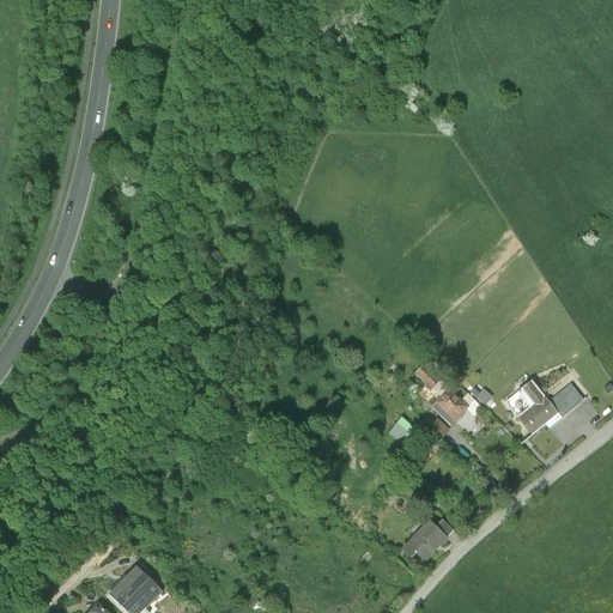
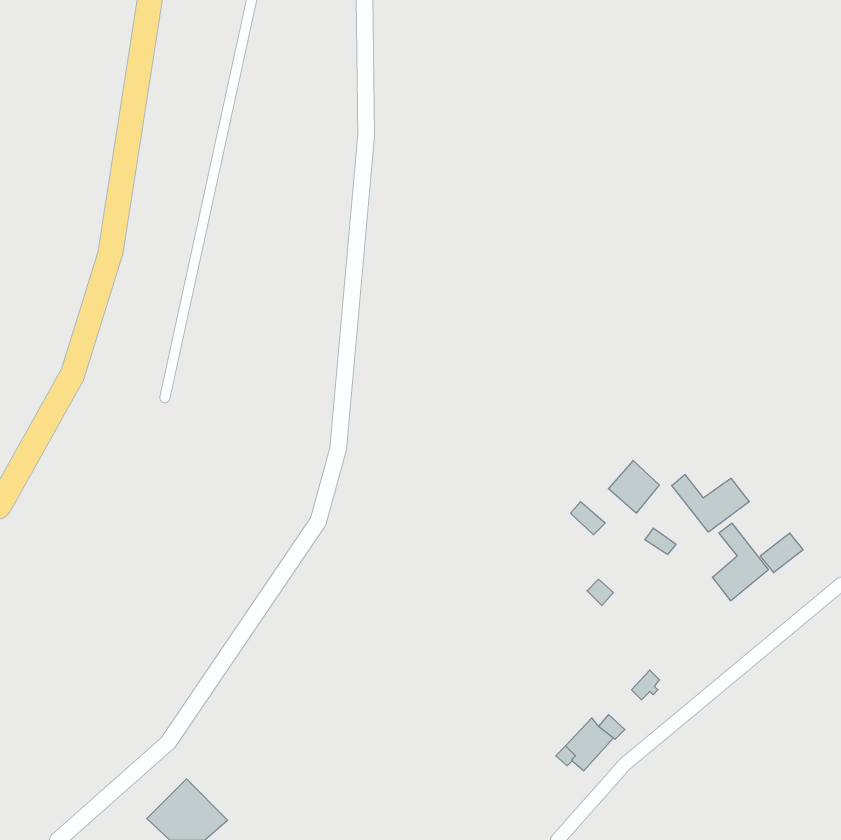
building: none -> [672,475,749,532]
building: [430,387,467,425] -> [608,460,659,513]

